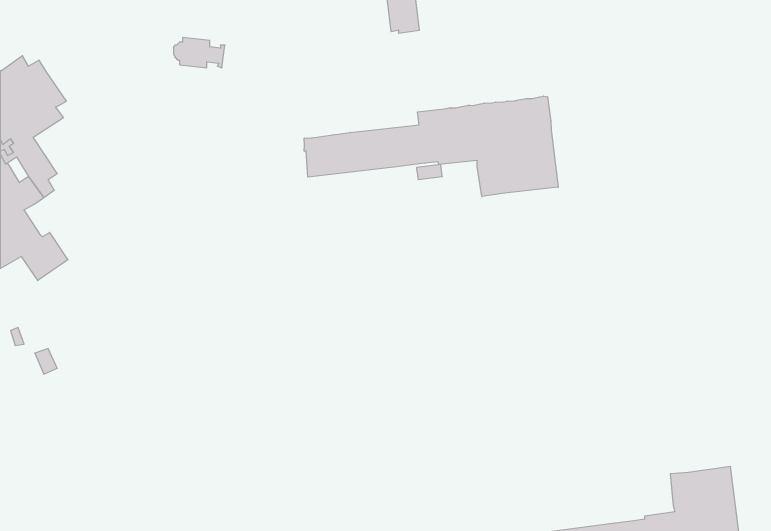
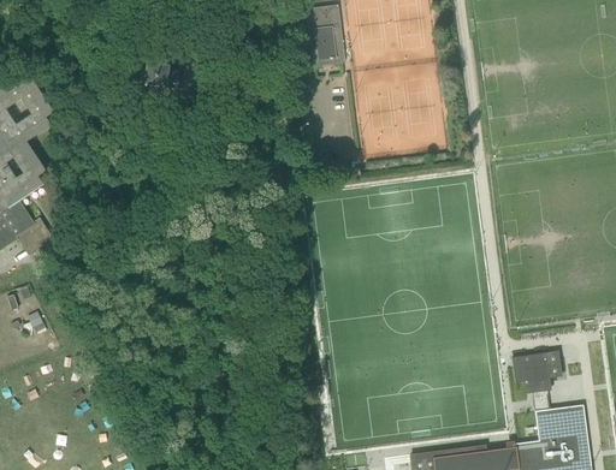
building: [304,96,558,197] -> none
building: none -> [511,352,550,410]

